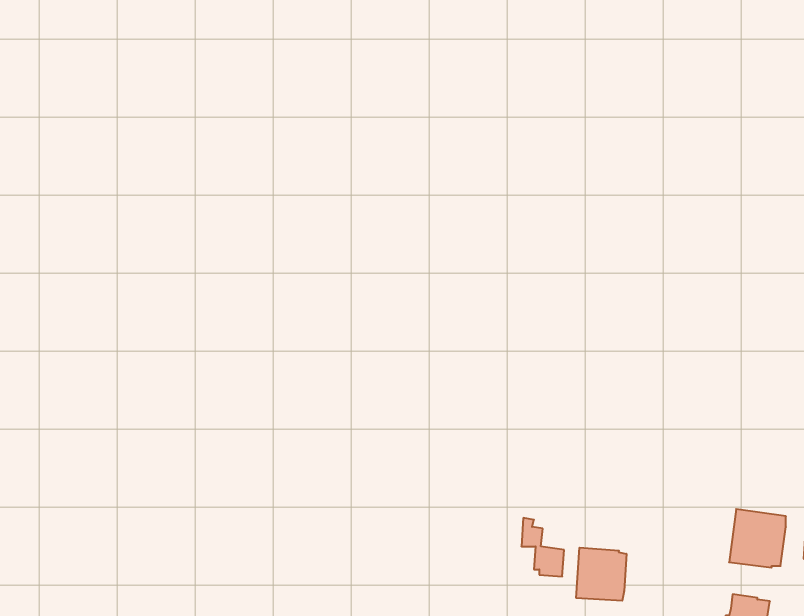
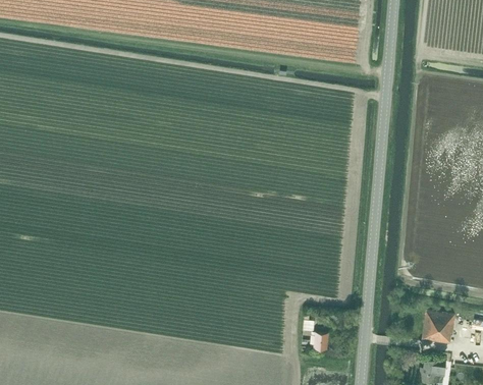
building: [576,548,626,601] -> none

